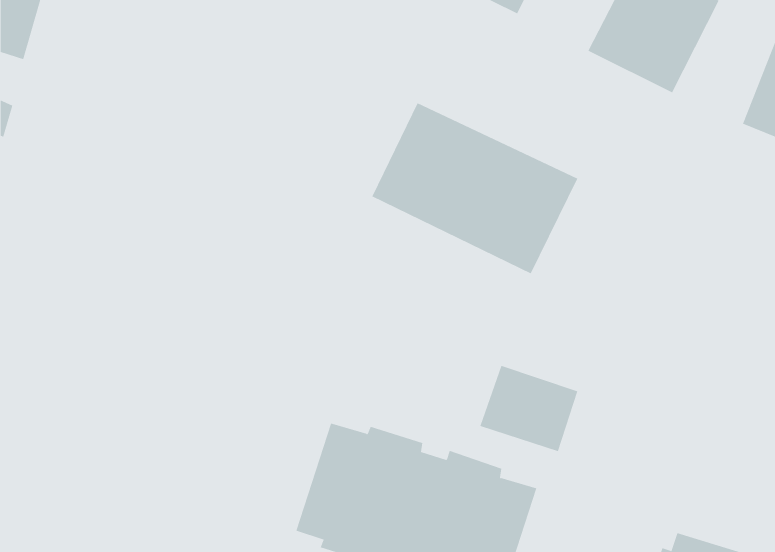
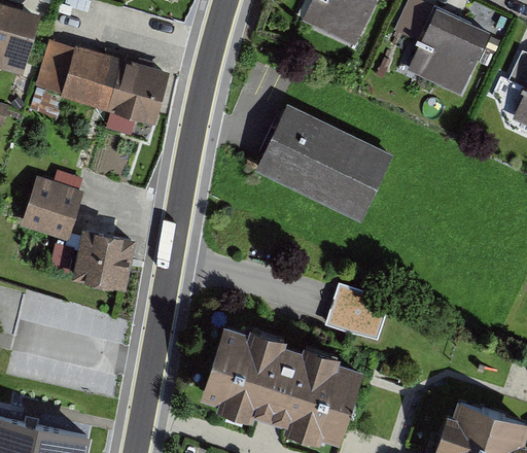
building: none -> [35,42,163,126]
building: none -> [22,178,84,242]
building: none -> [74,228,136,288]

